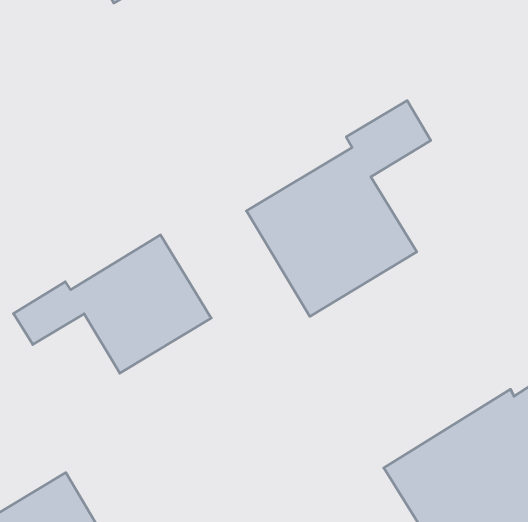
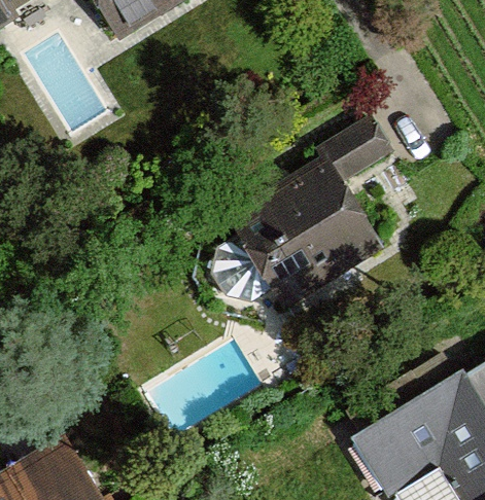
building: [13,235,211,373] -> none

